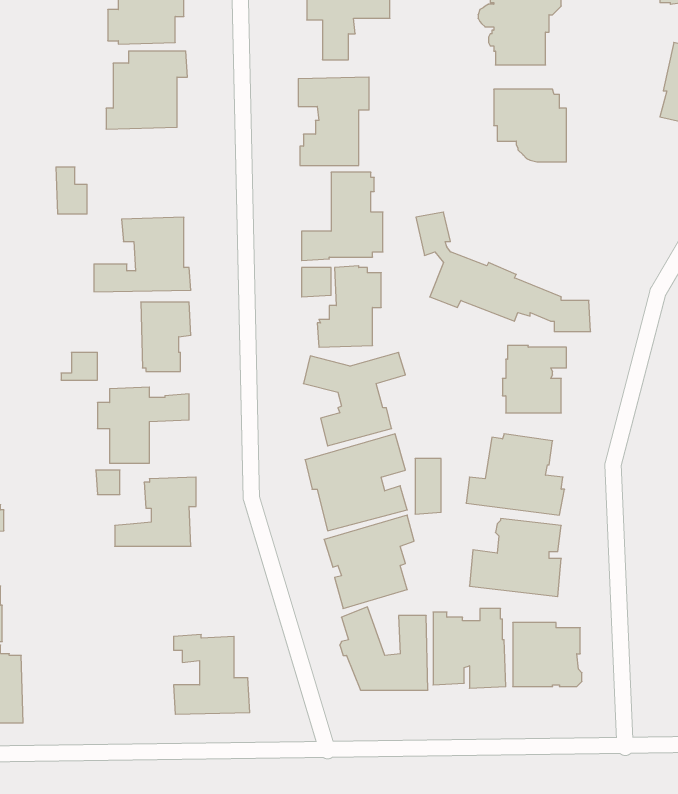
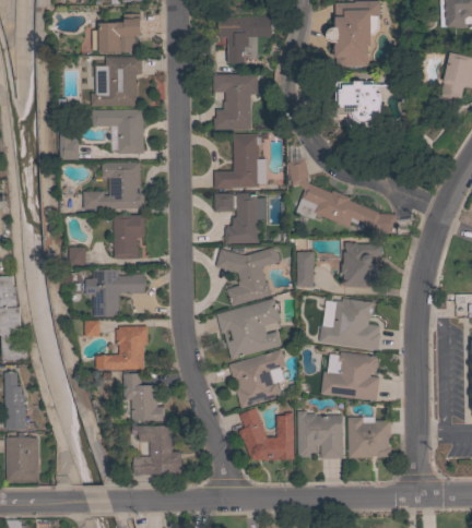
building: none -> [93,109,144,153]
building: [415,459,441,514] -> [297,252,314,287]
building: none -> [123,373,166,421]

